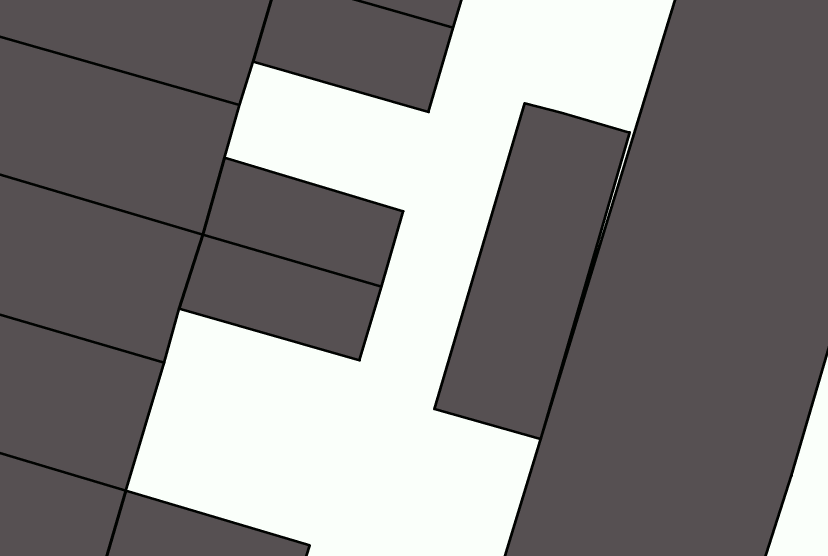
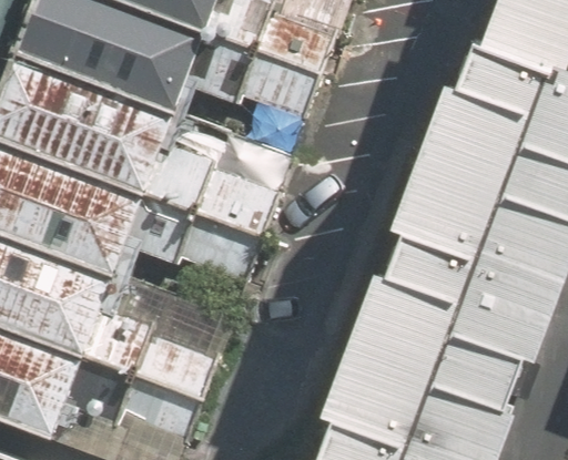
building: [434,103,630,439] -> none
building: none -> [88,272,235,397]

